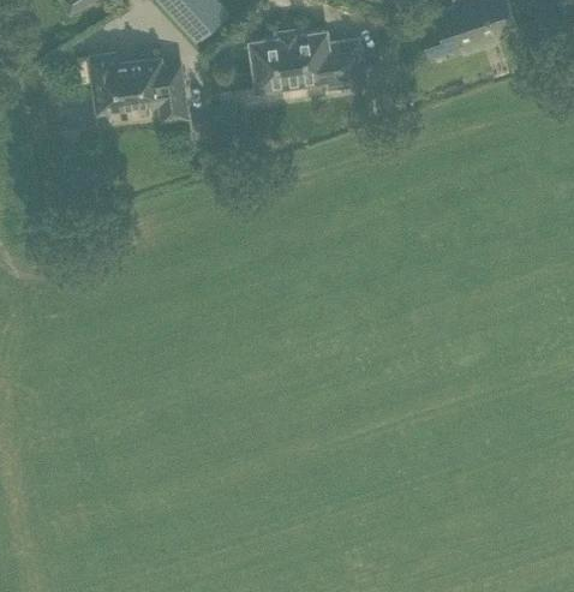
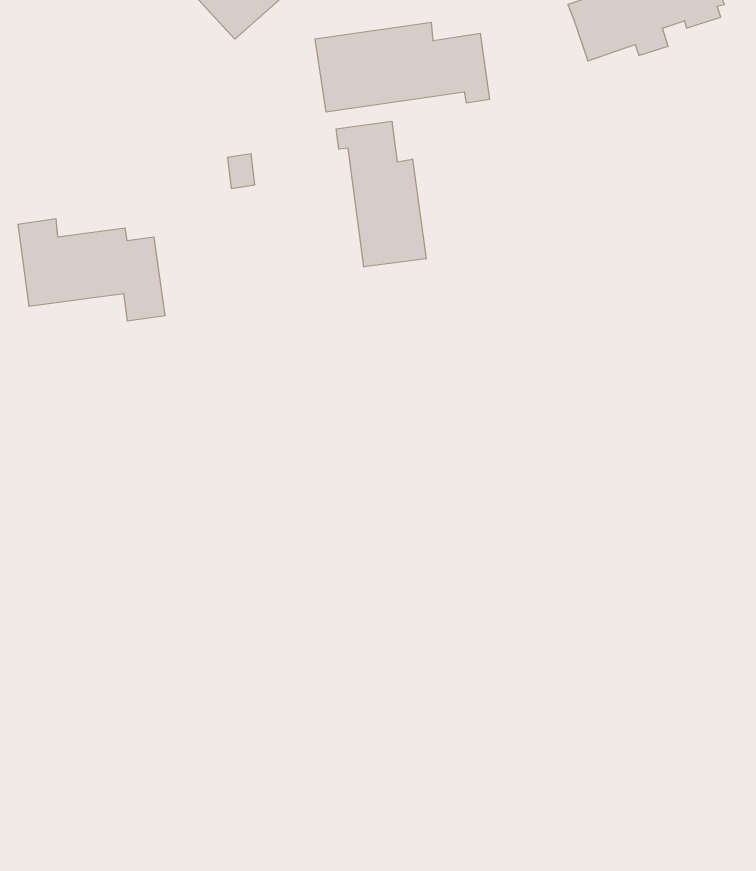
building: [89,53,186,120] -> [18,219,165,321]
building: none -> [336,121,426,267]

